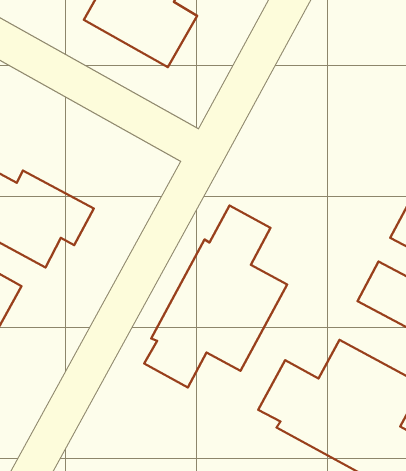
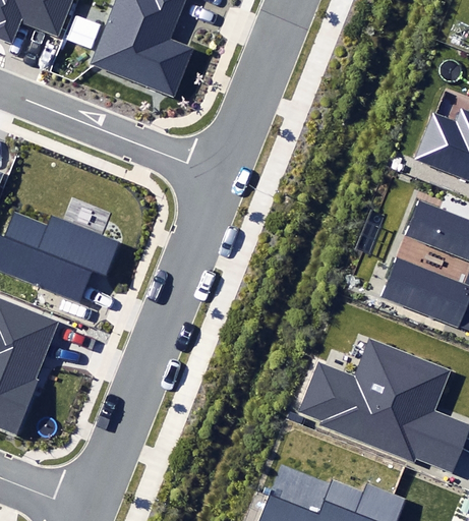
building: [144,206,287,387] -> none

